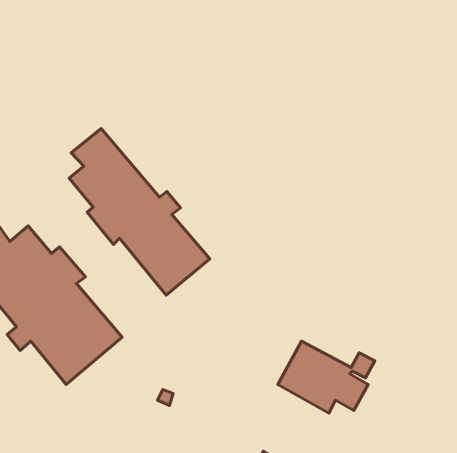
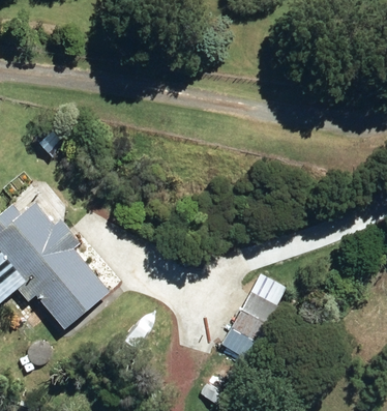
building: [69,128,210,295] -> none

